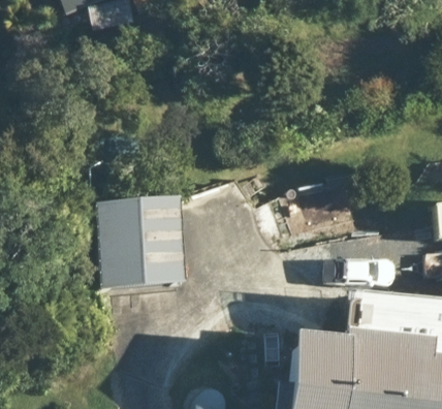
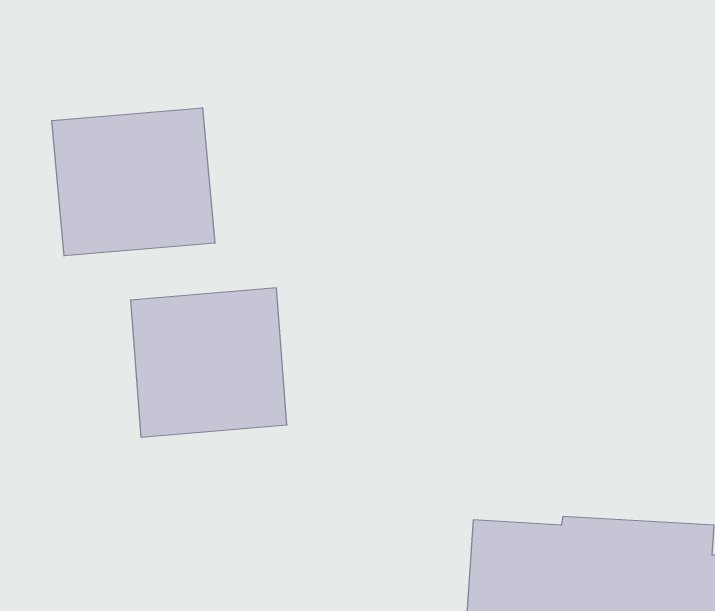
building: none -> [52,108,215,256]

